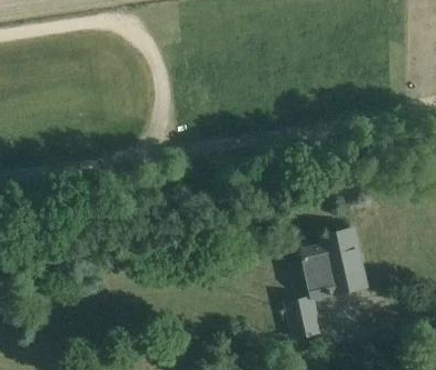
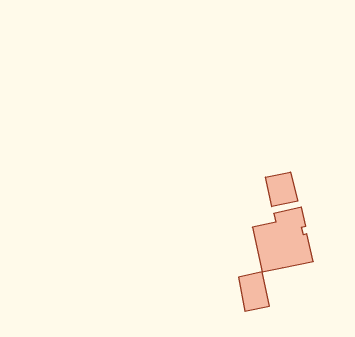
building: none -> [266,172,298,207]

